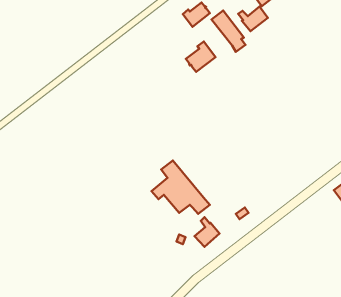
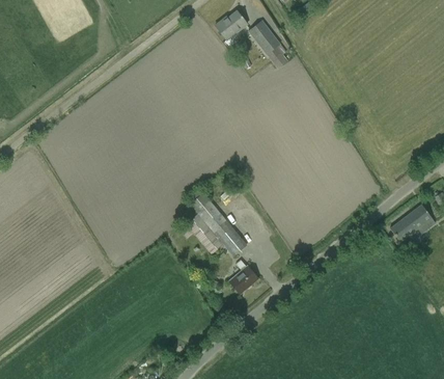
building: [238,6,268,31] -> none
building: [186,42,216,72] -> none

